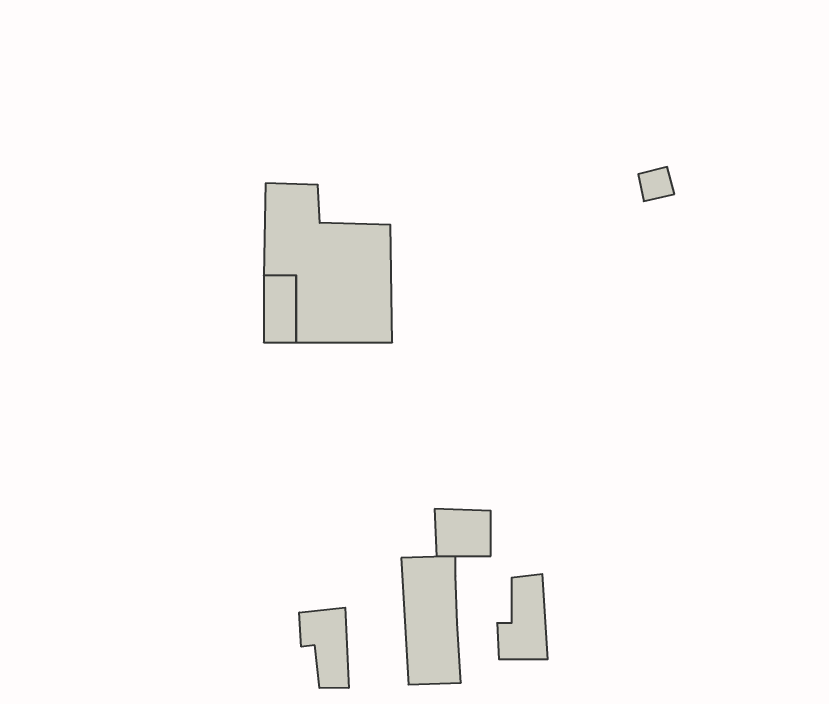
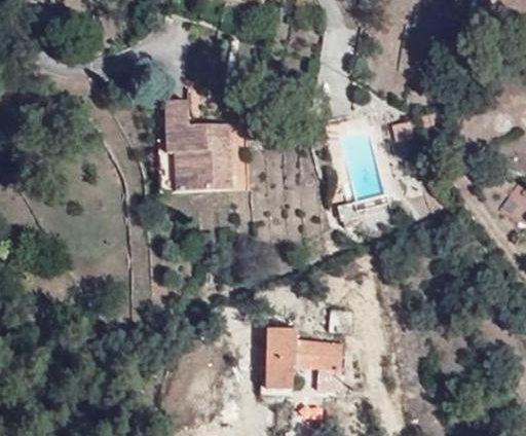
building: [435,509,491,556] -> [286,336,317,363]
building: [299,608,349,688] -> none

